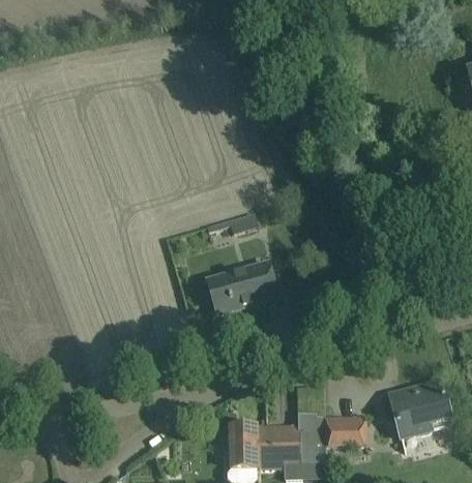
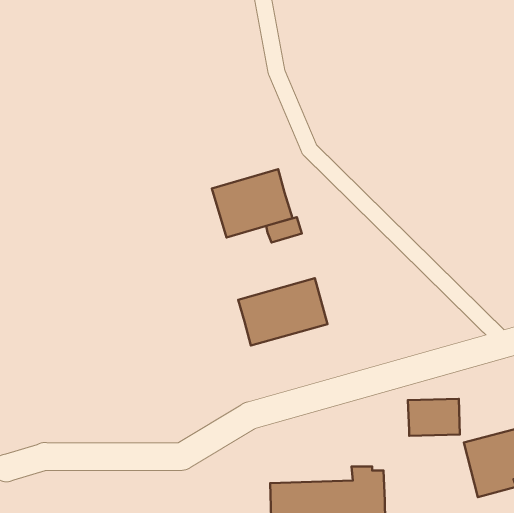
building: none -> [212,169,293,238]
building: [323,416,365,446] -> [408,399,460,436]

